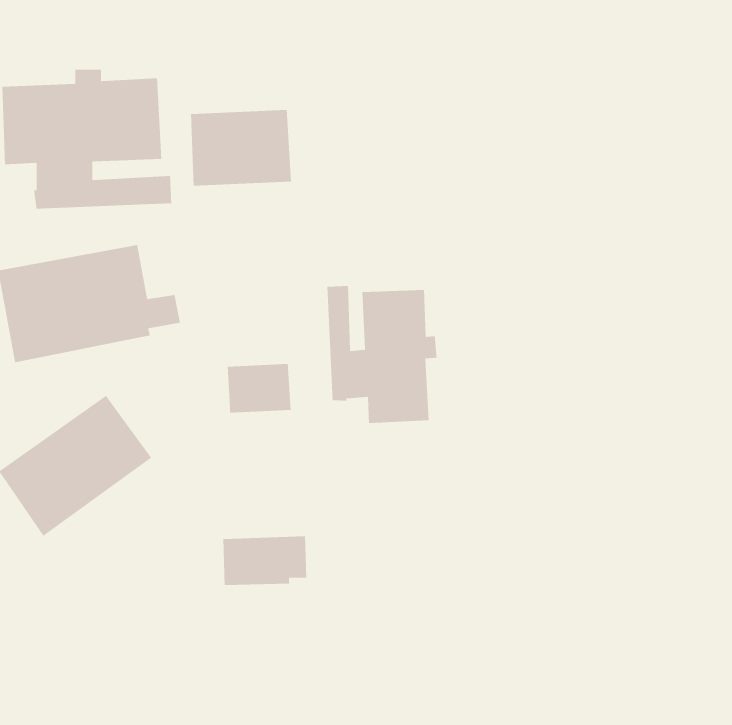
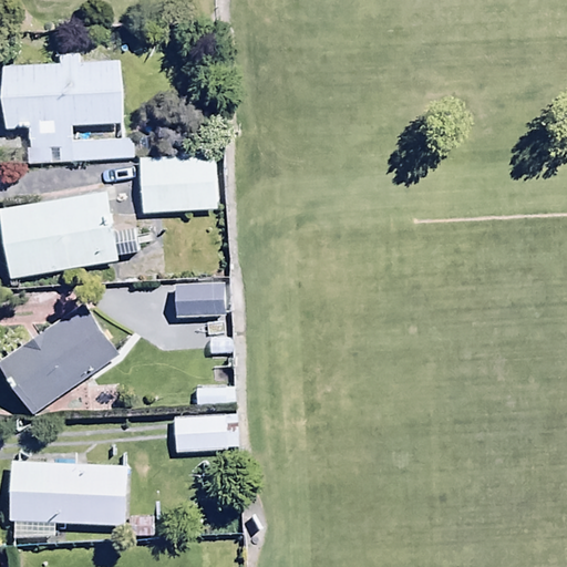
building: [190,109,292,187] -> [140,152,218,212]
building: [326,285,437,424] -> none
building: none -> [9,458,130,538]

